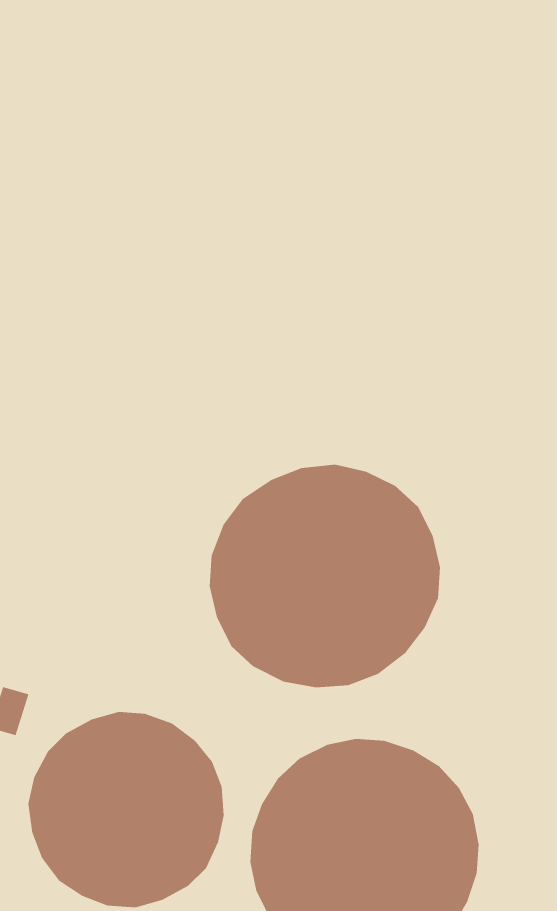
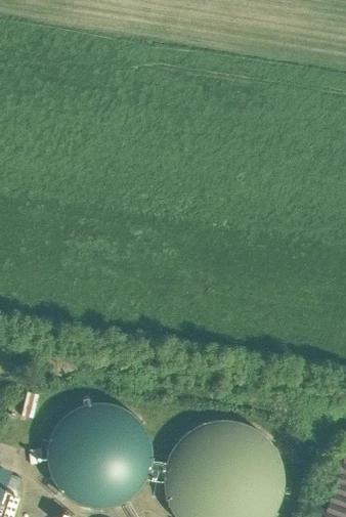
building: [209,464,441,688] -> none

